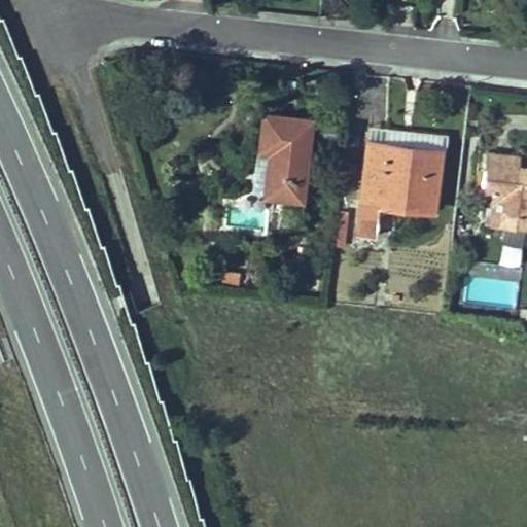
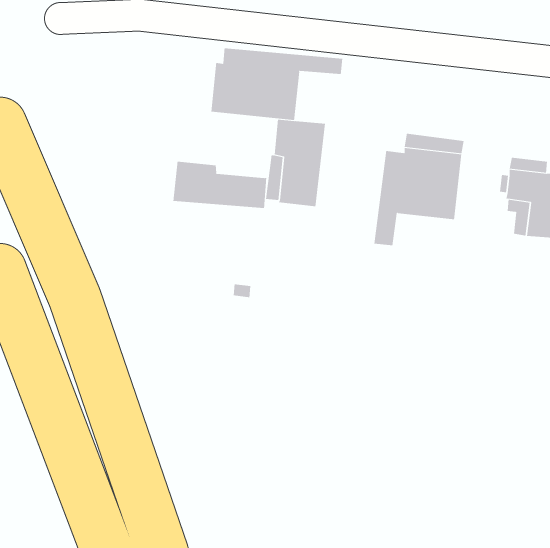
building: none -> [211,47,343,121]
building: none -> [173,161,267,209]

